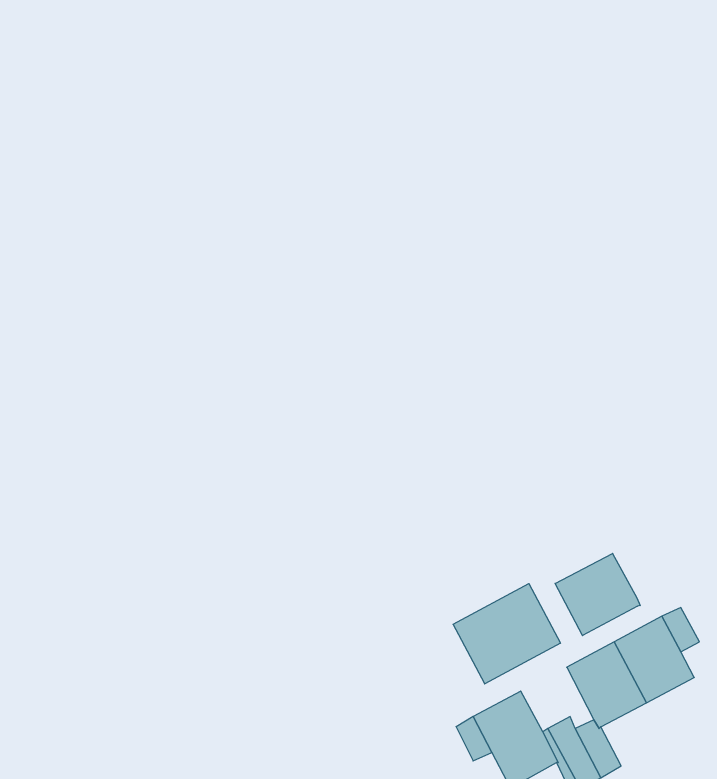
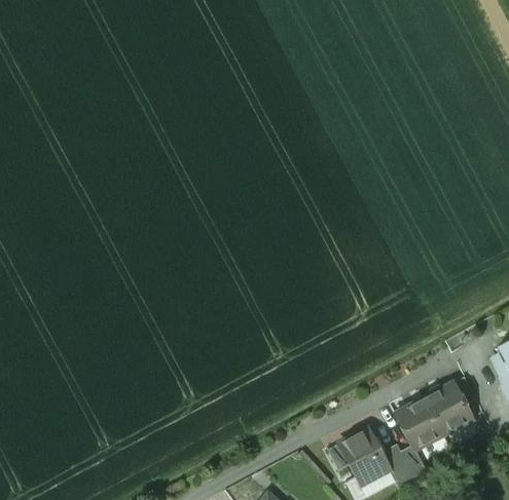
building: [555,553,640,636] -> none
building: [453,584,560,684] -> none

